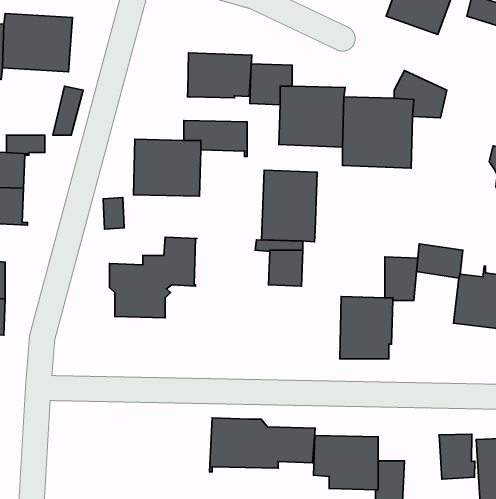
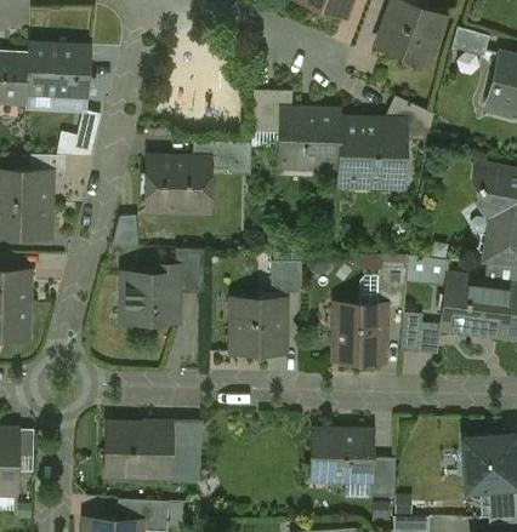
building: [187,53,252,98] -> none
building: [262,170,317,242] -> none
building: none -> [232,299,283,353]
building: none -> [399,314,421,354]
building: [209,418,315,472] -> [104,425,201,475]
building: [439,434,475,479] -> none

